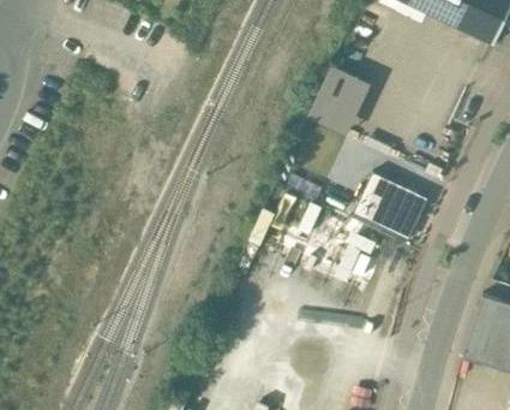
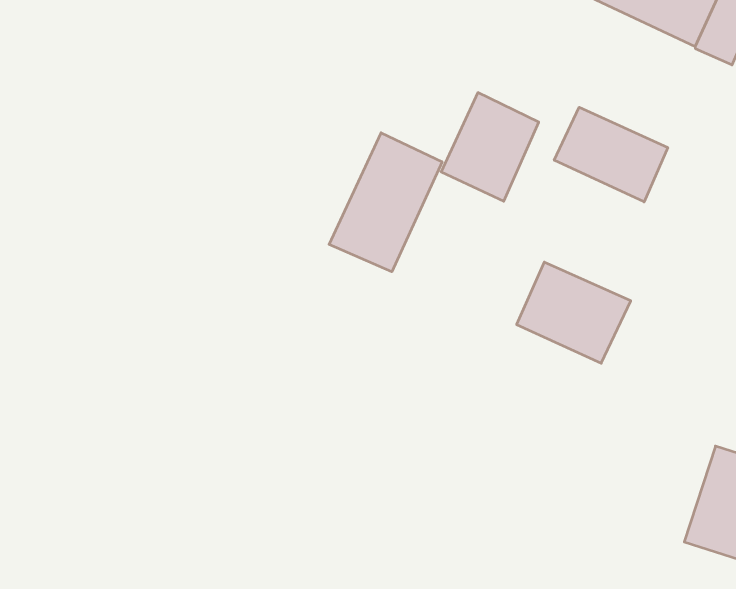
building: none -> [554,107,668,202]
building: none -> [329,133,442,272]

